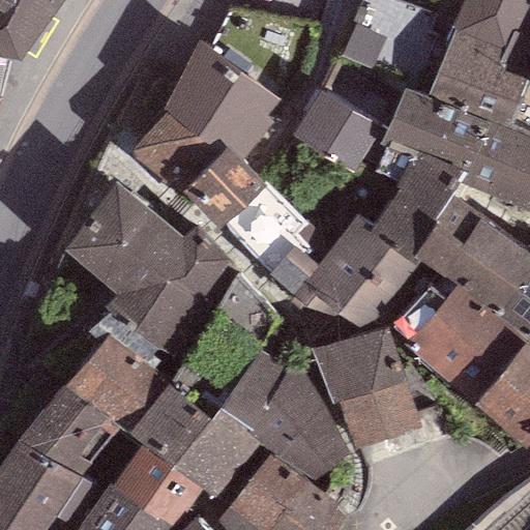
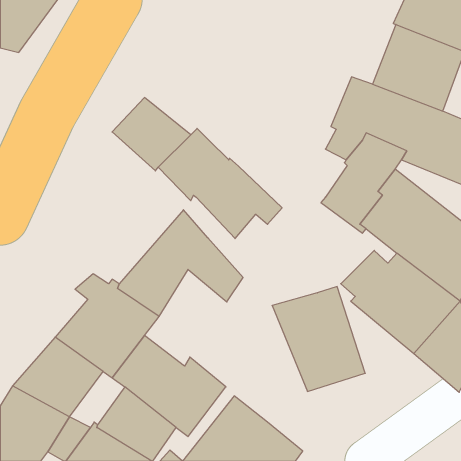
building: [160,39,281,160] -> none
building: [294,88,382,171] -> none
building: [62,183,211,325] -> none
building: [268,214,422,335] -> none
building: [218,351,350,483] -> none

